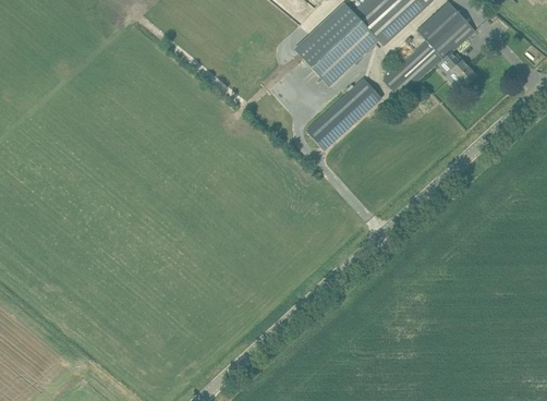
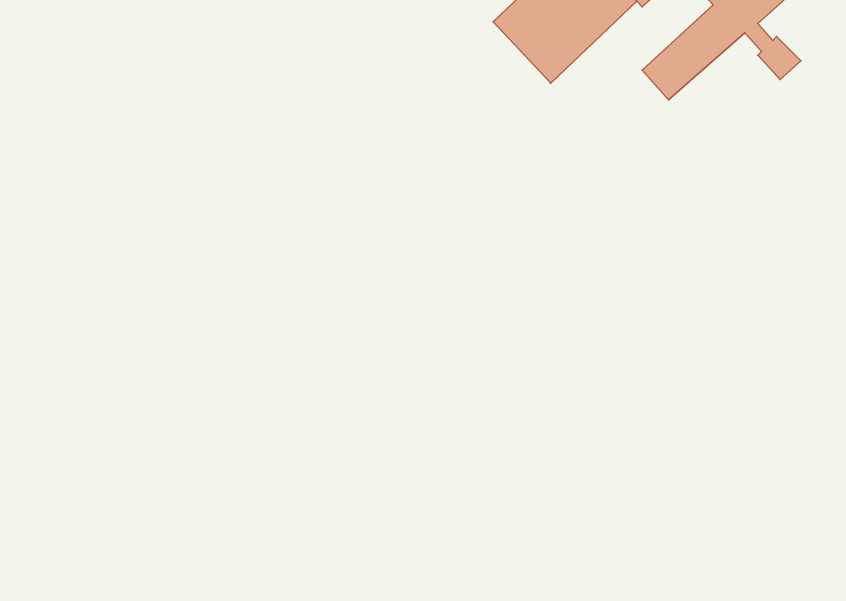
building: [308,77,379,144] -> none

